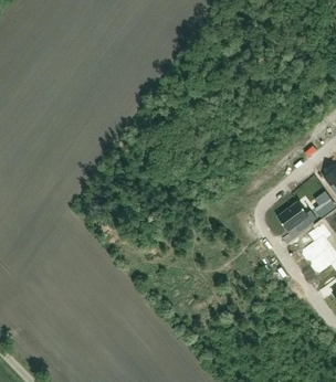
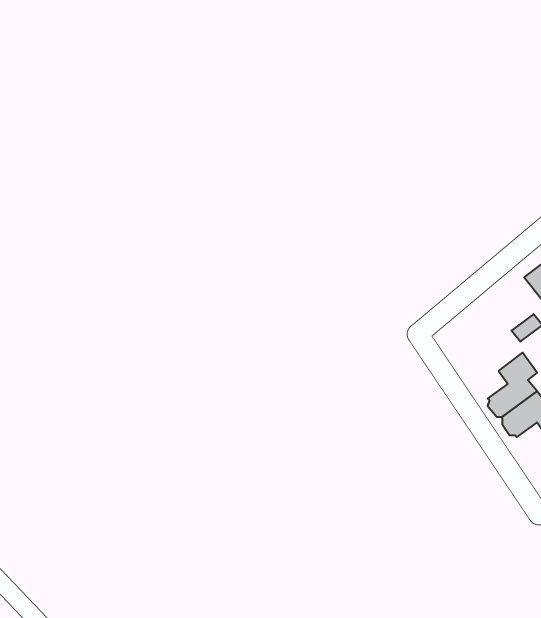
building: [277,201,317,231] -> none

